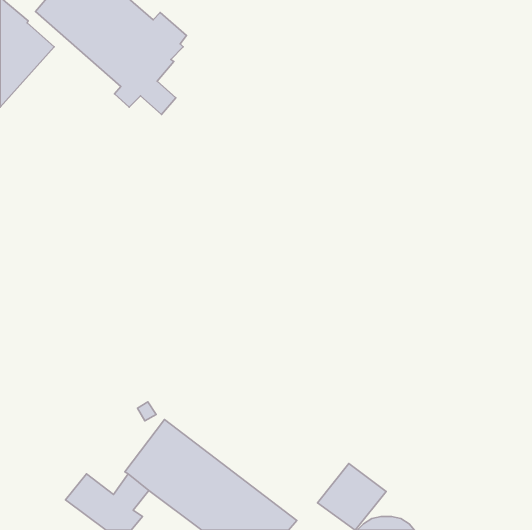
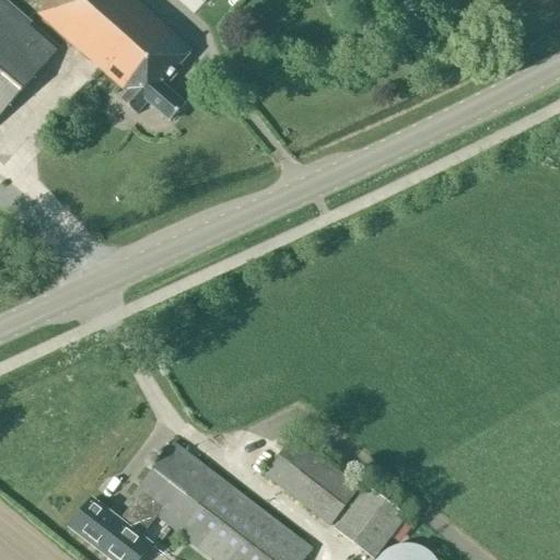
building: none -> [264,436,358,524]

